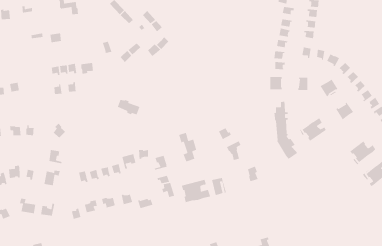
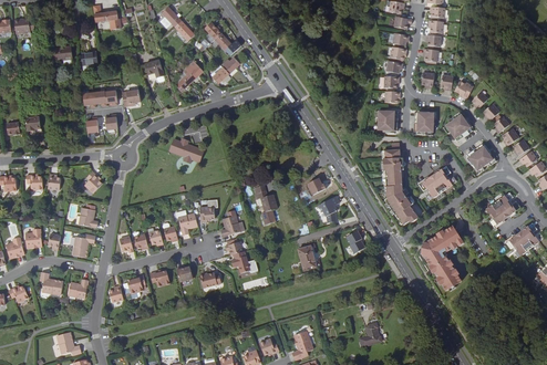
building: none -> [421,223,462,290]
building: [181,179,211,203] -> none

